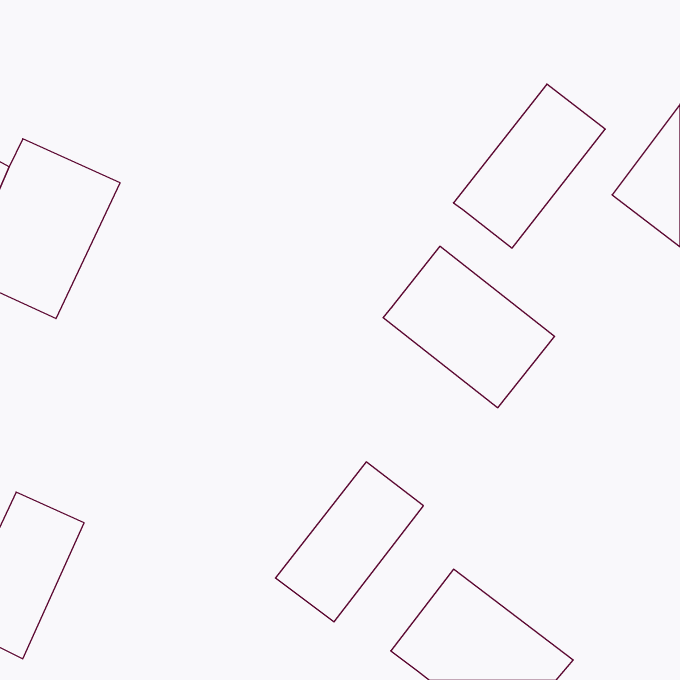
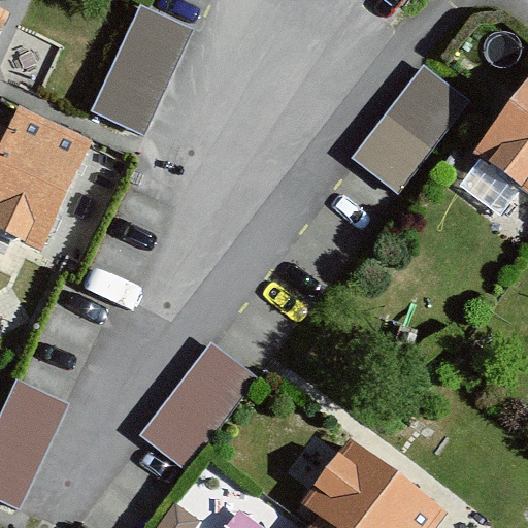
building: none -> [93,7,189,135]
building: [383,246,555,408] -> none
building: [275,462,423,622] -> [141,343,256,467]

